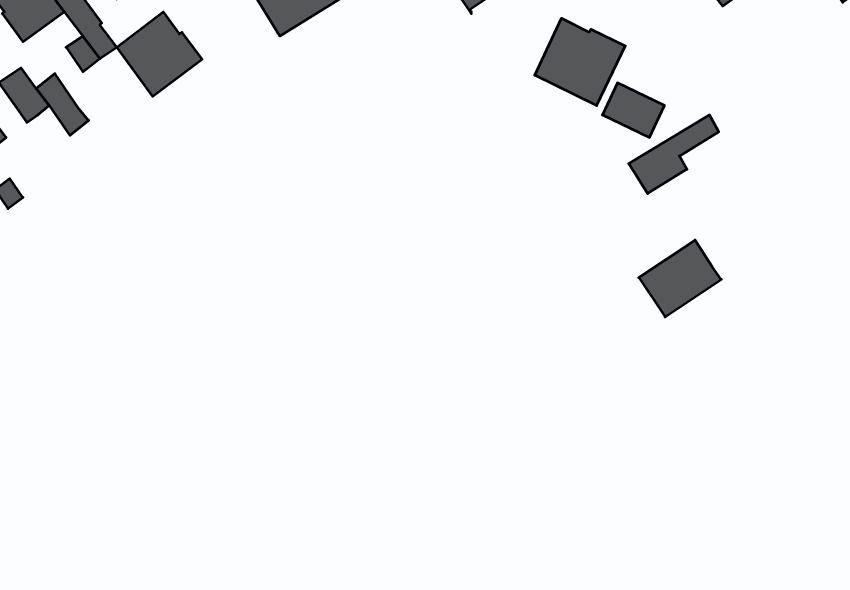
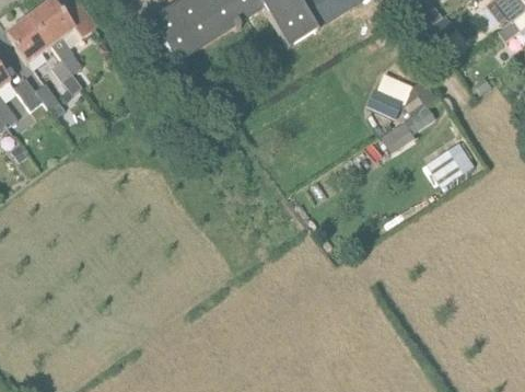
building: [117,12,202,96] -> none
building: [535,18,625,106] -> none
building: [639,240,721,317] -> [427,141,475,186]

